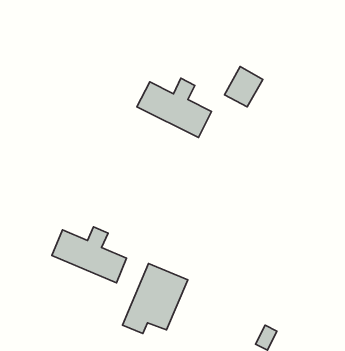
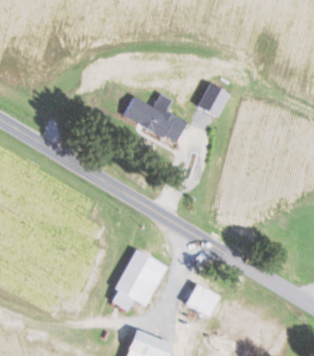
building: [52,227,126,283] -> none
building: none -> [184,283,218,318]

